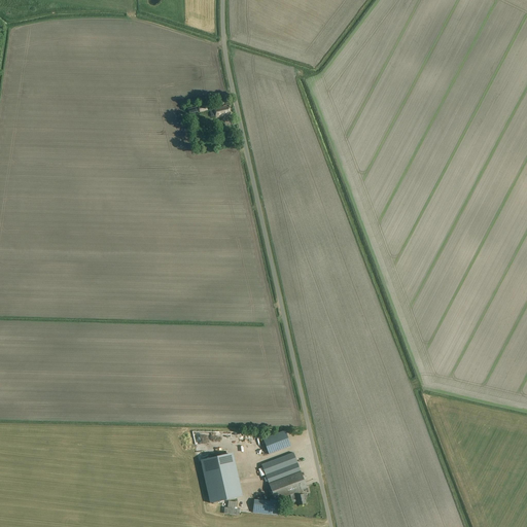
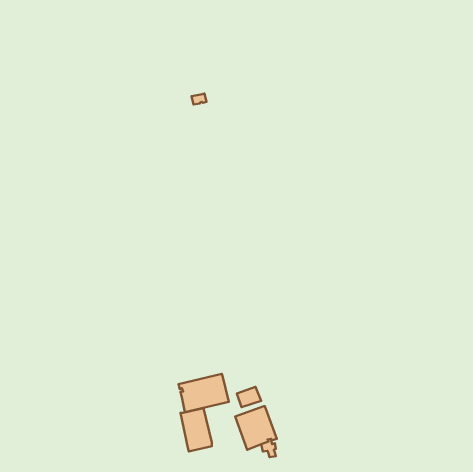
building: none -> [178,374,229,412]

